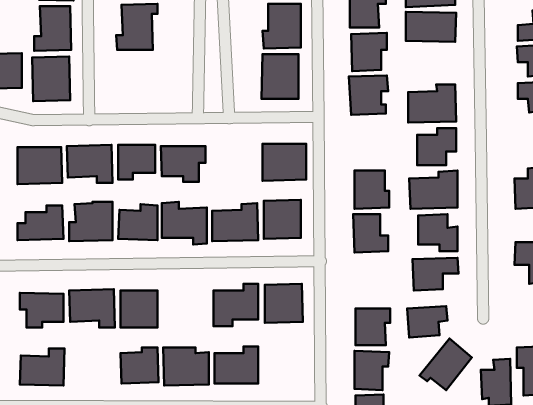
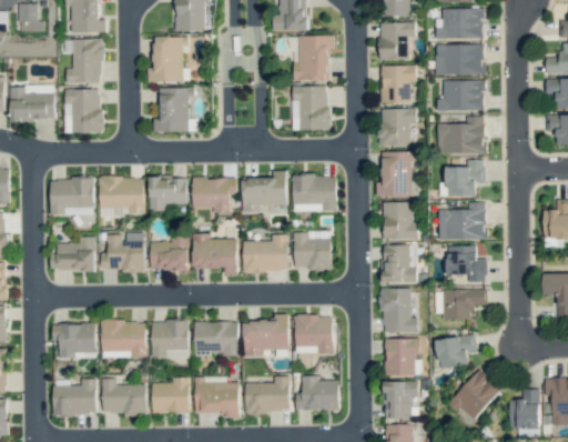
building: none -> [436,80,484,111]
building: none -> [154,88,194,132]
building: none -> [376,152,417,197]
building: none -> [243,171,286,212]
building: none -> [381,289,417,333]
building: none -> [194,322,239,356]
building: none -> [295,375,338,411]
building: none -> [102,379,146,415]

